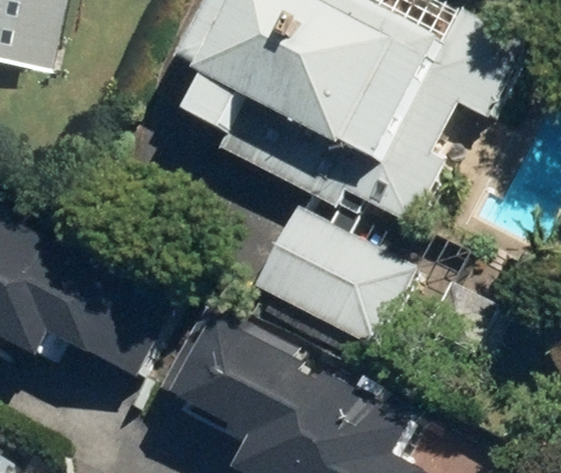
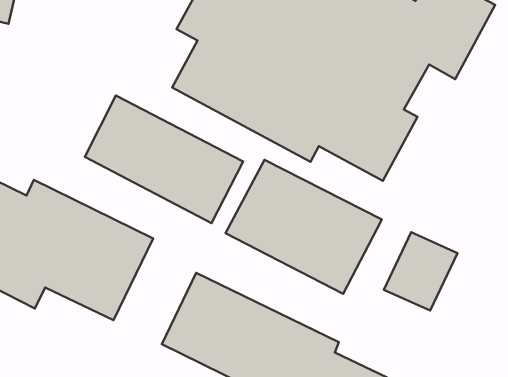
building: none -> [85,96,243,223]

